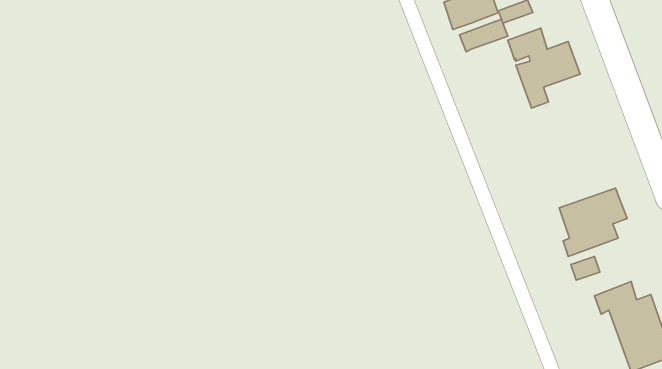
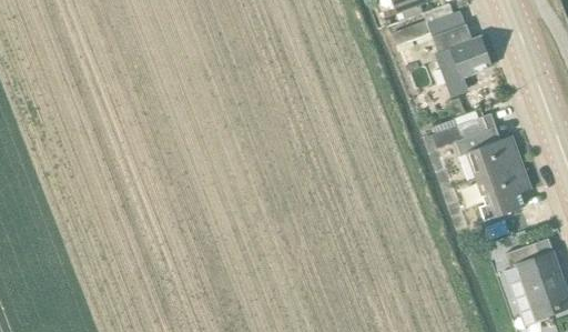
building: none -> [432,114,524,179]

